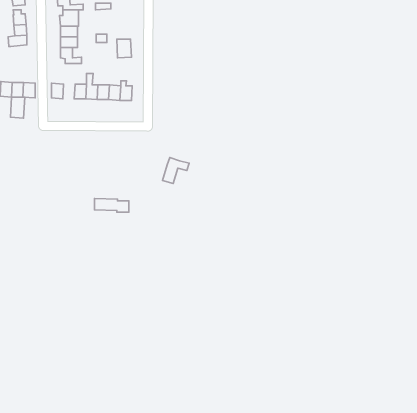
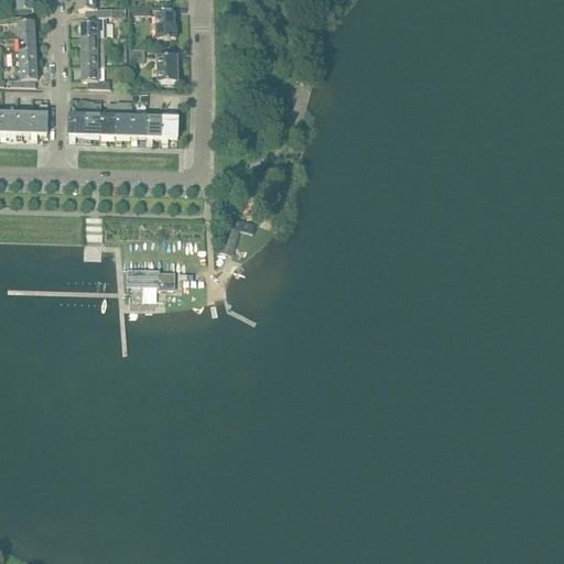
building: none -> [156,11,176,36]
building: none -> [11,61,37,84]
building: none -> [85,98,101,133]
building: [10,97,25,118] -> none

